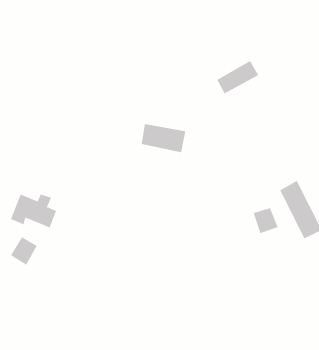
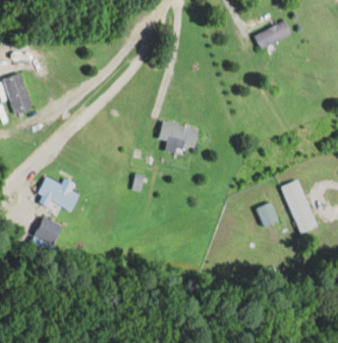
building: [217,60,259,94] -> [253,19,292,49]

